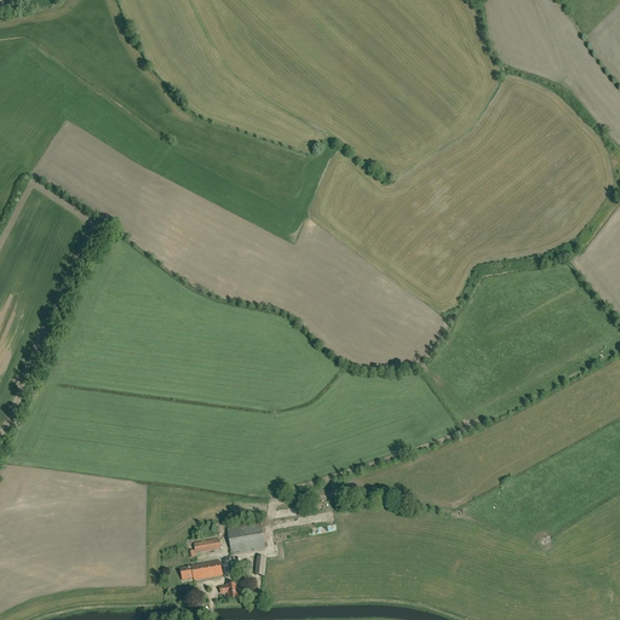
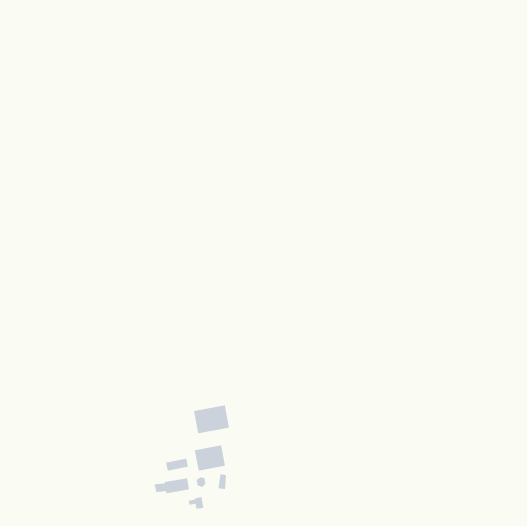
building: none -> [193,405,230,434]

